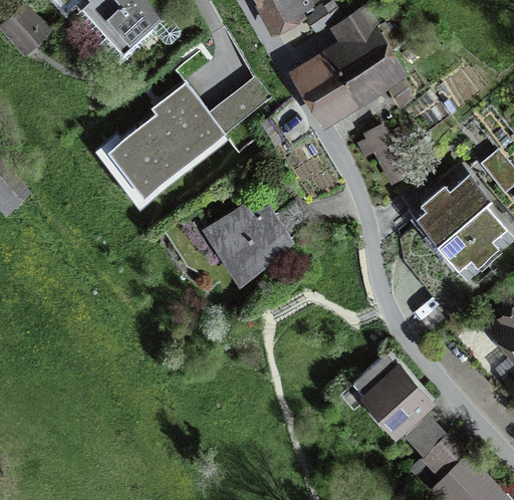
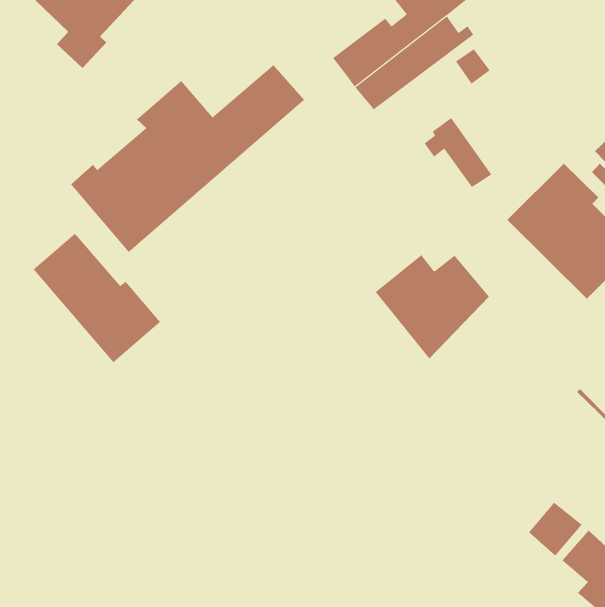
building: none -> [33,233,161,363]
building: [206,206,289,283] -> [375,254,490,360]
building: [352,355,429,434] -> none

